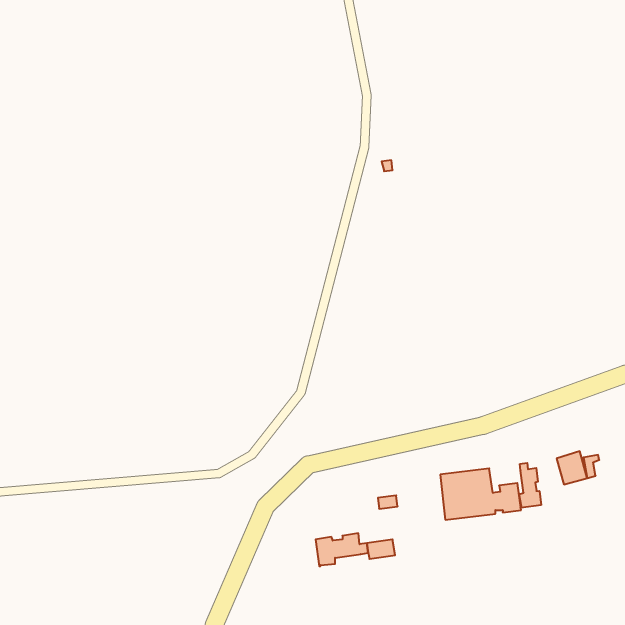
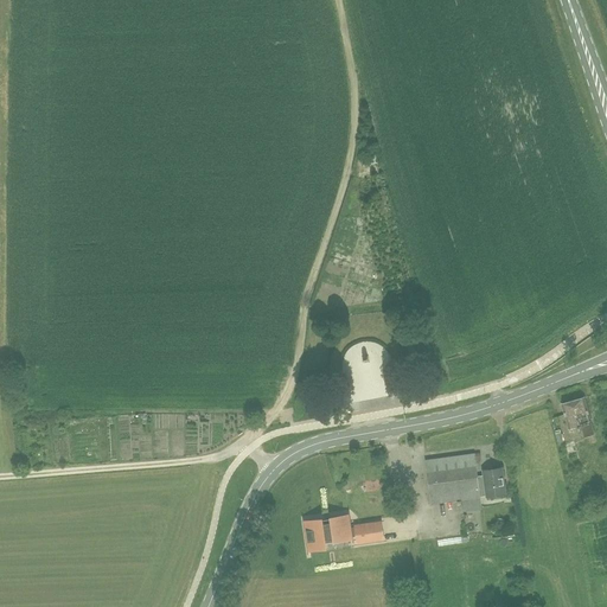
building: [557,451,587,484] -> [562,397,592,429]
building: [519,463,541,508] -> none

